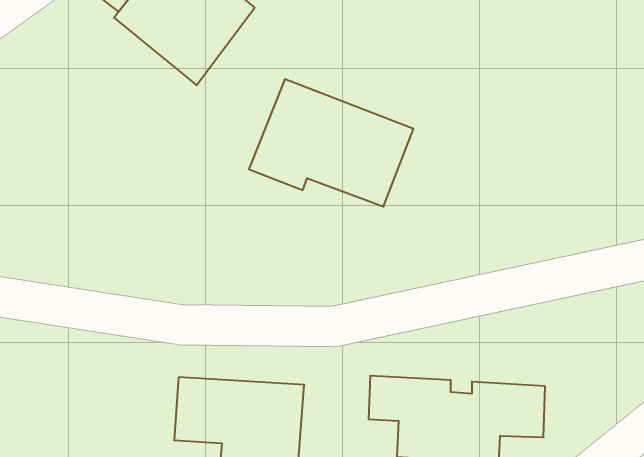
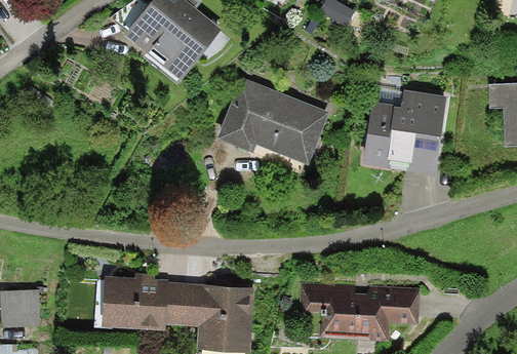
building: none -> [362,90,446,176]
building: none -> [102,273,168,331]

